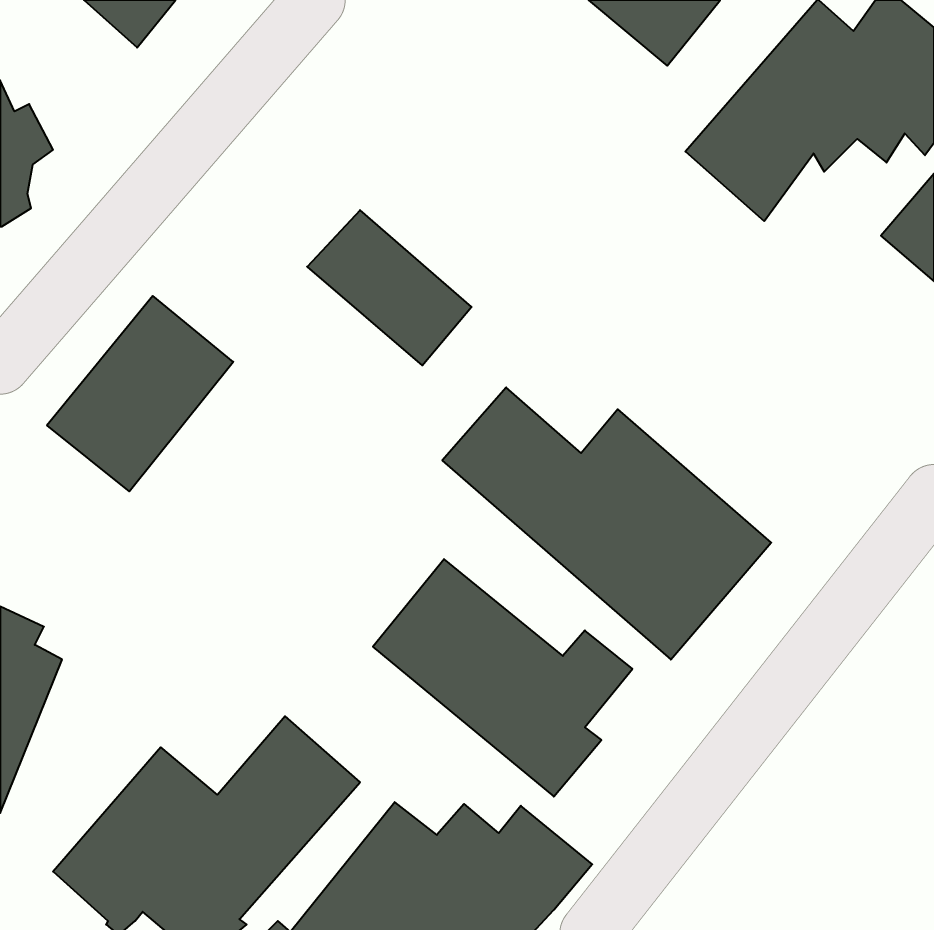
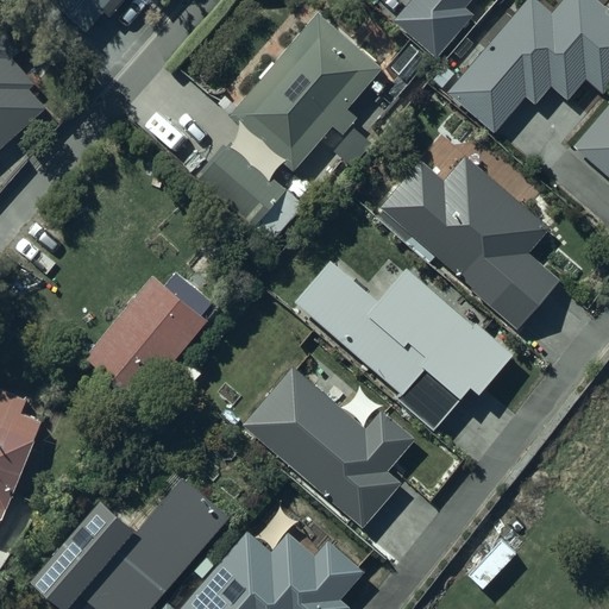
building: none -> [236,13,381,162]
building: none -> [378,153,555,321]
building: [47,296,233,491] -> [81,285,202,413]

